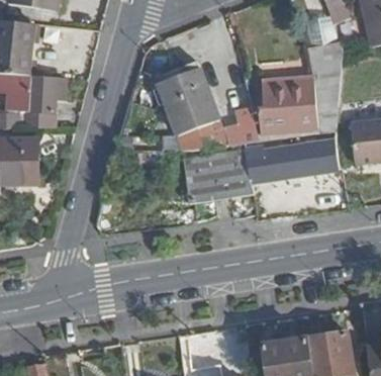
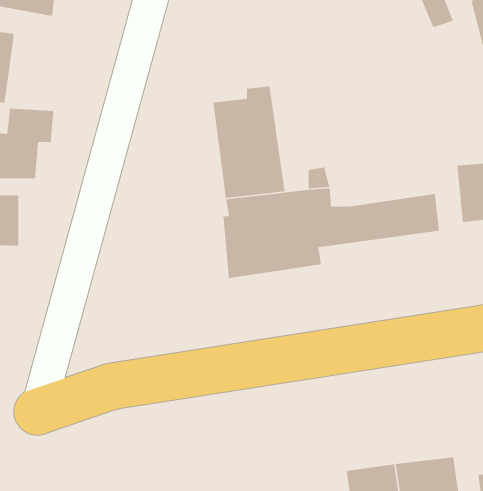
building: [258,33,345,132] -> none

